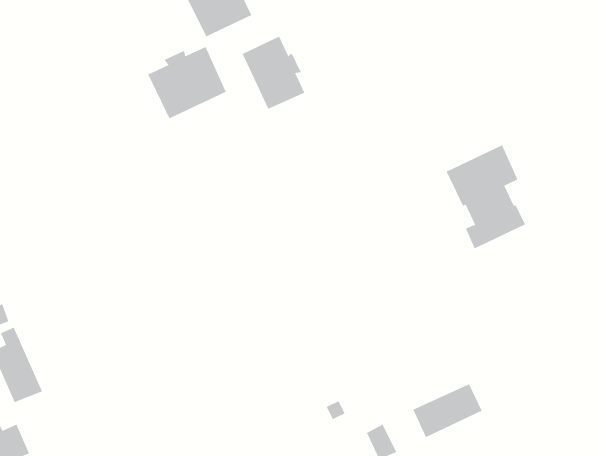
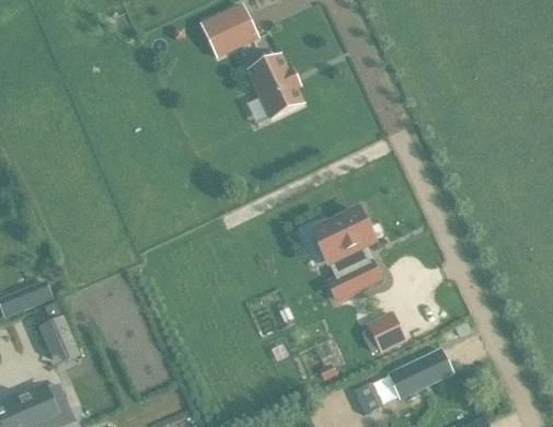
building: [148,46,227,119] -> none
building: [446,144,526,249] -> [312,210,380,299]
building: none -> [364,313,406,351]

